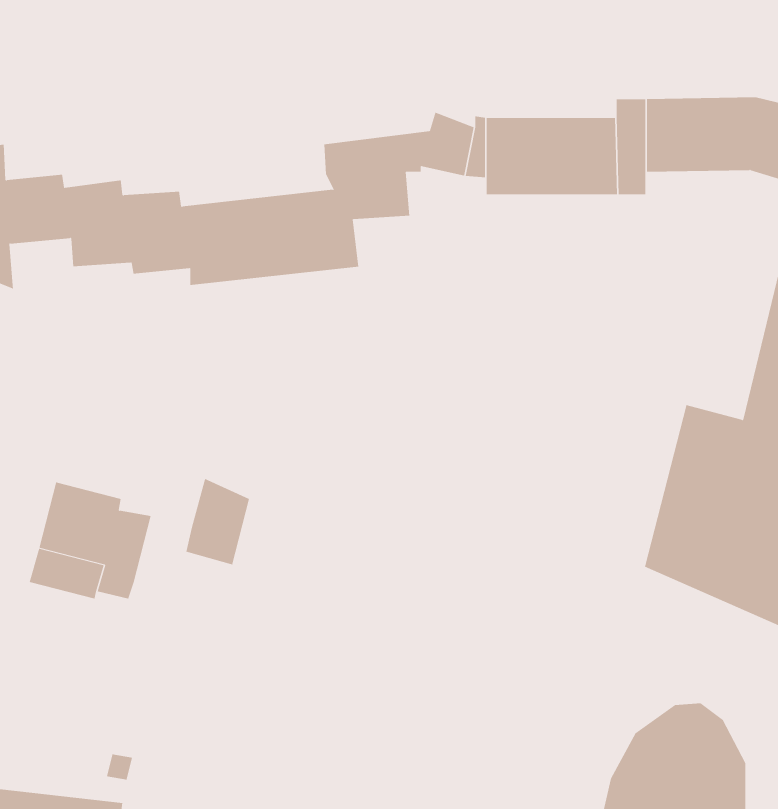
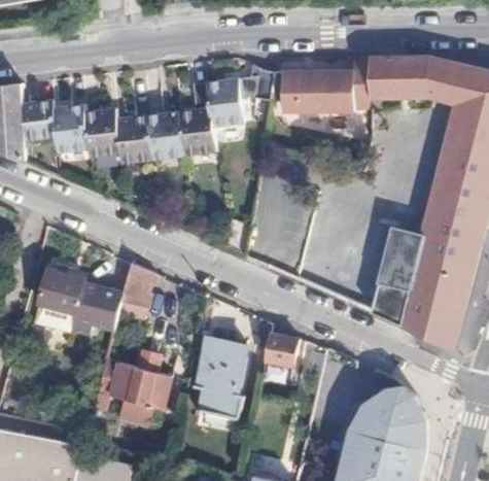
building: none -> [92,286,123,329]
building: none -> [261,332,295,369]
building: none -> [189,337,245,419]
building: none -> [98,352,169,408]

